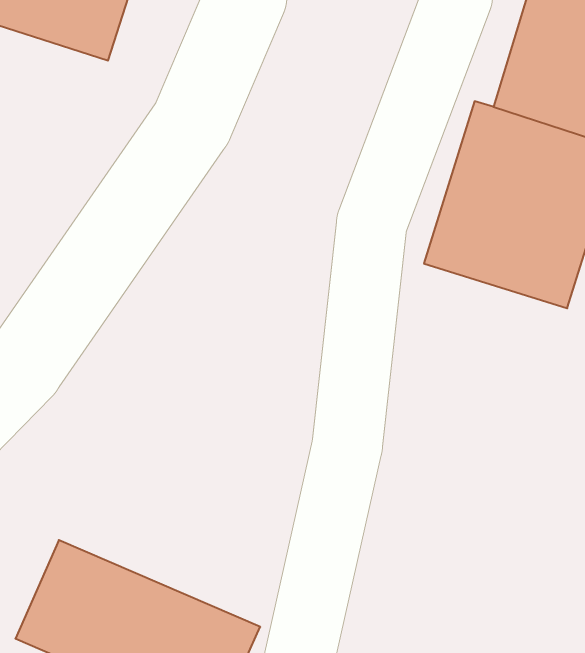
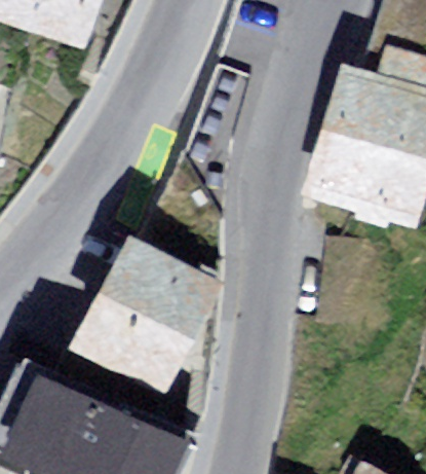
building: none -> [79,251,216,396]

